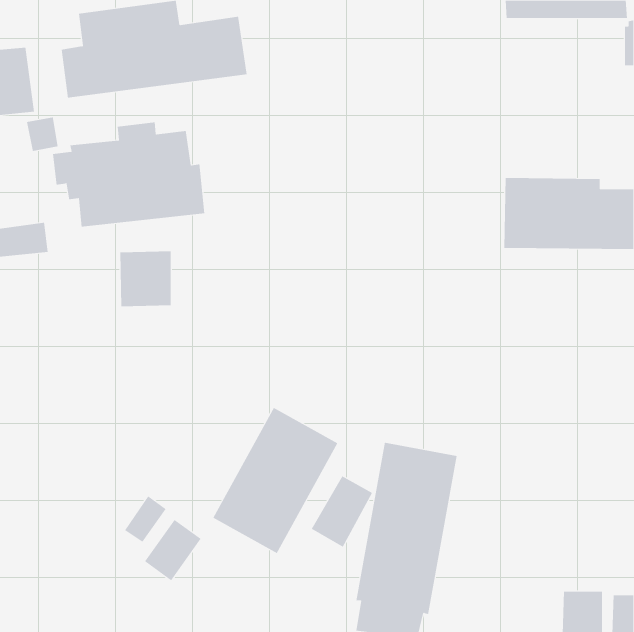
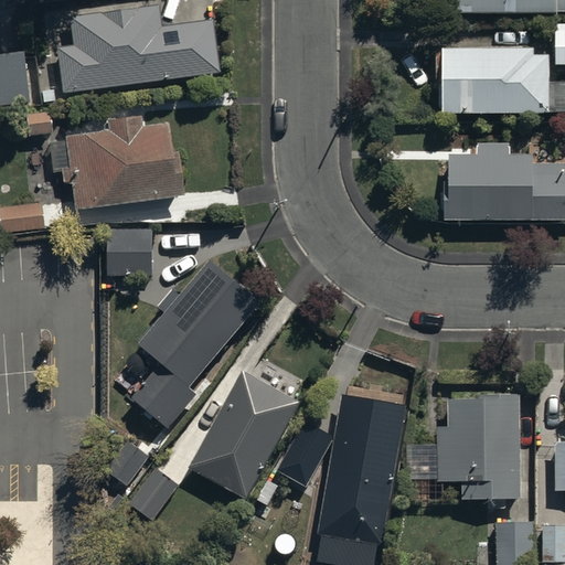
building: none -> [445,54,550,121]
building: none -> [130,255,260,426]
building: none -> [438,407,521,504]

